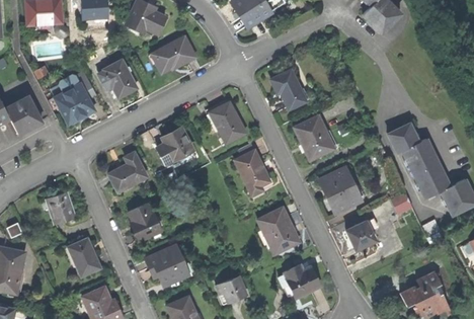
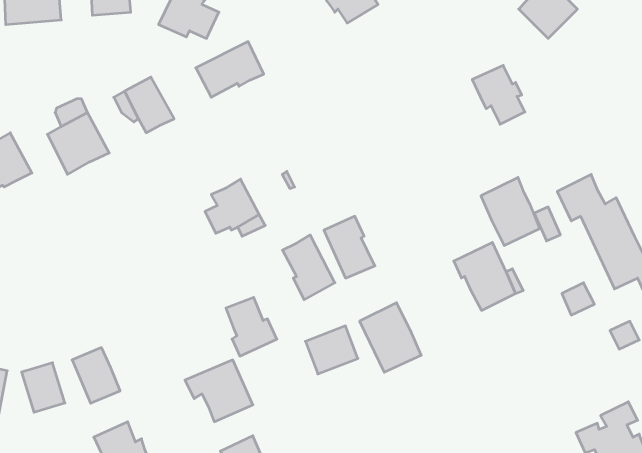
building: [272,70,307,108] -> [472,65,525,124]
building: [211,101,245,144] -> [282,235,335,300]
building: [296,115,334,160] -> [481,177,540,245]
building: [107,152,146,190] -> none
building: [49,190,77,223] -> [22,363,65,412]
building: [129,203,162,241] -> [226,297,277,356]
building: [346,222,376,251] -> none
building: [279,265,322,299] -> none
building: [215,270,249,302] -> [305,326,358,374]

